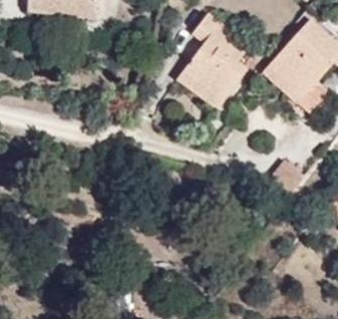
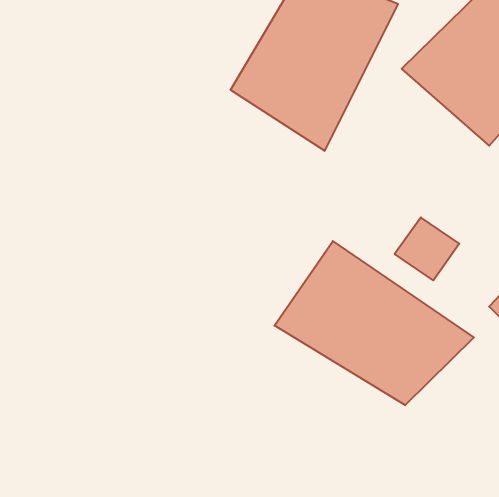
building: none -> [274,241,474,405]

